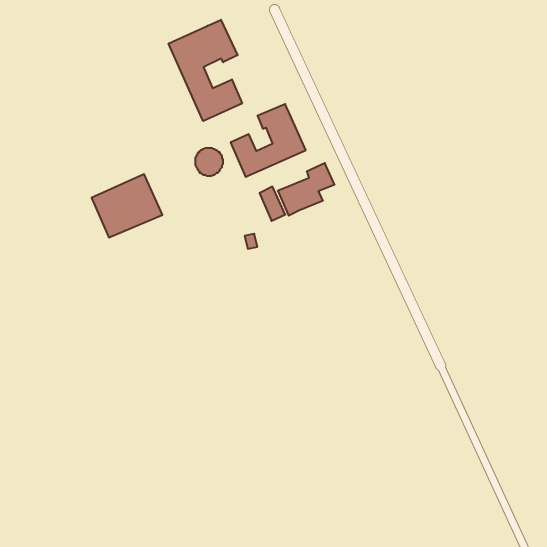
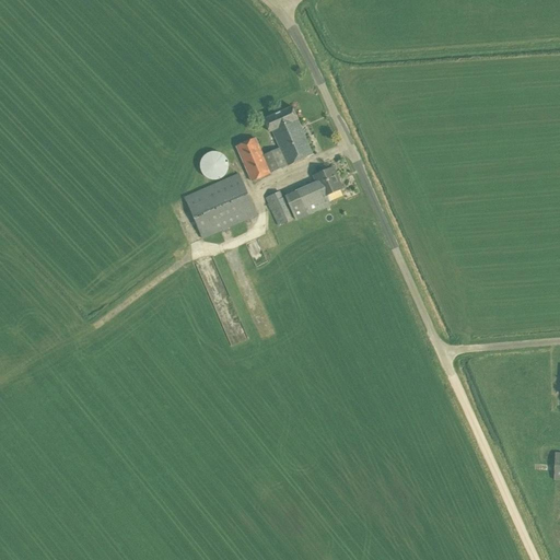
building: [169,20,242,121] -> none
building: [92,174,162,237] -> [184,173,256,237]

